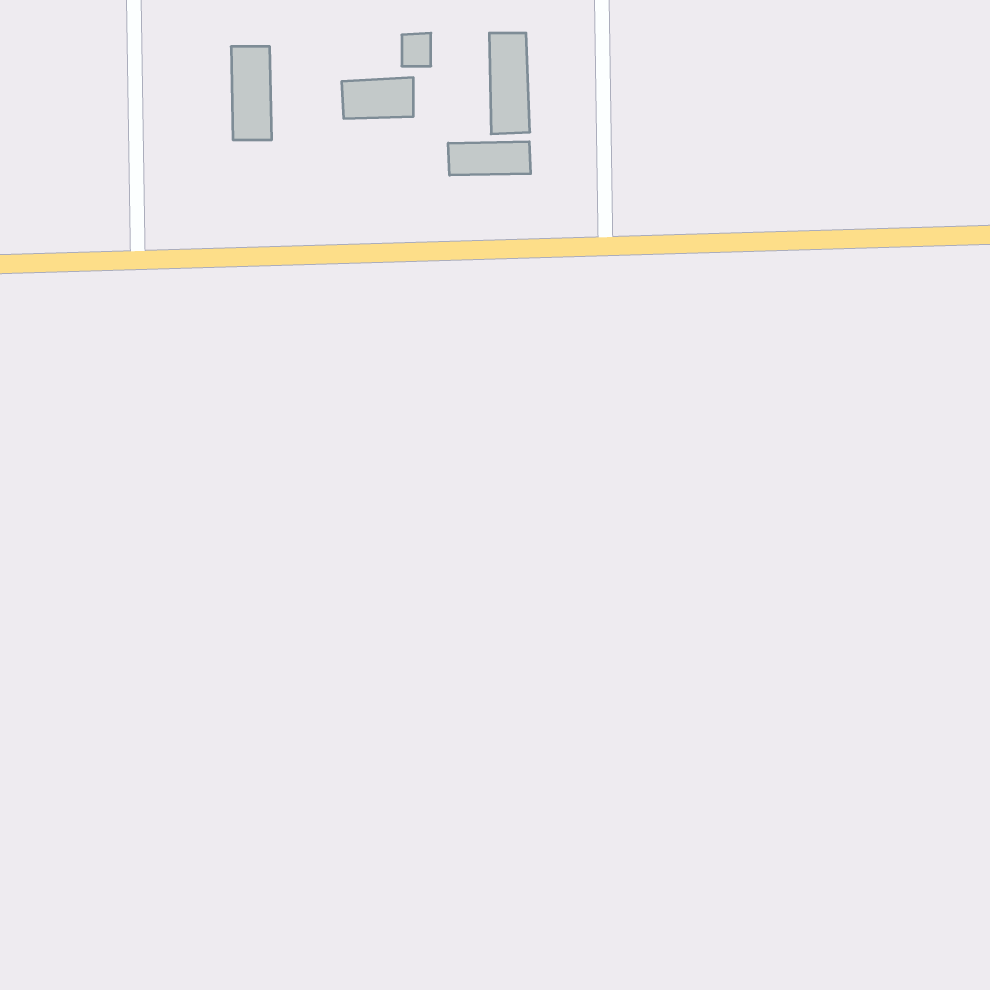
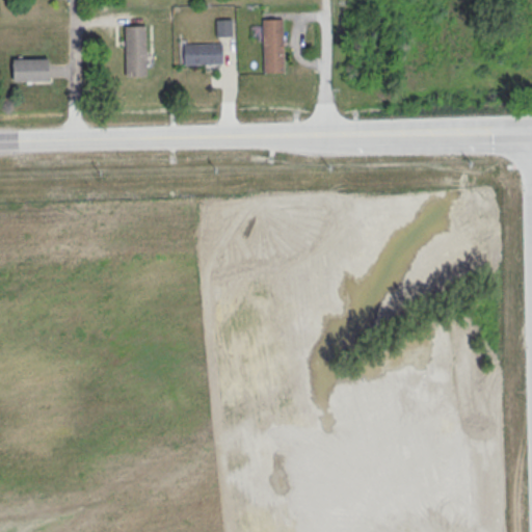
building: none -> [12,59,49,82]
building: [448,142,531,175] -> none

